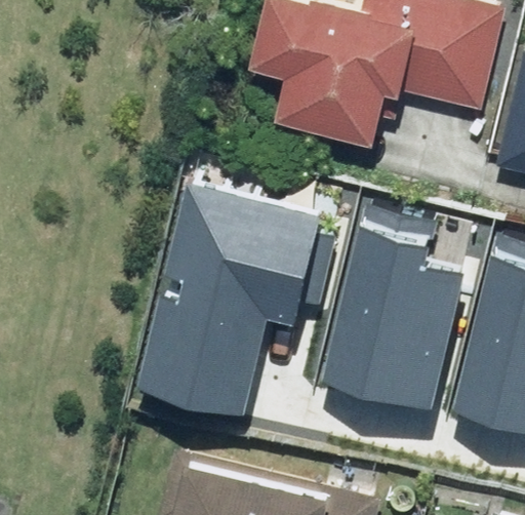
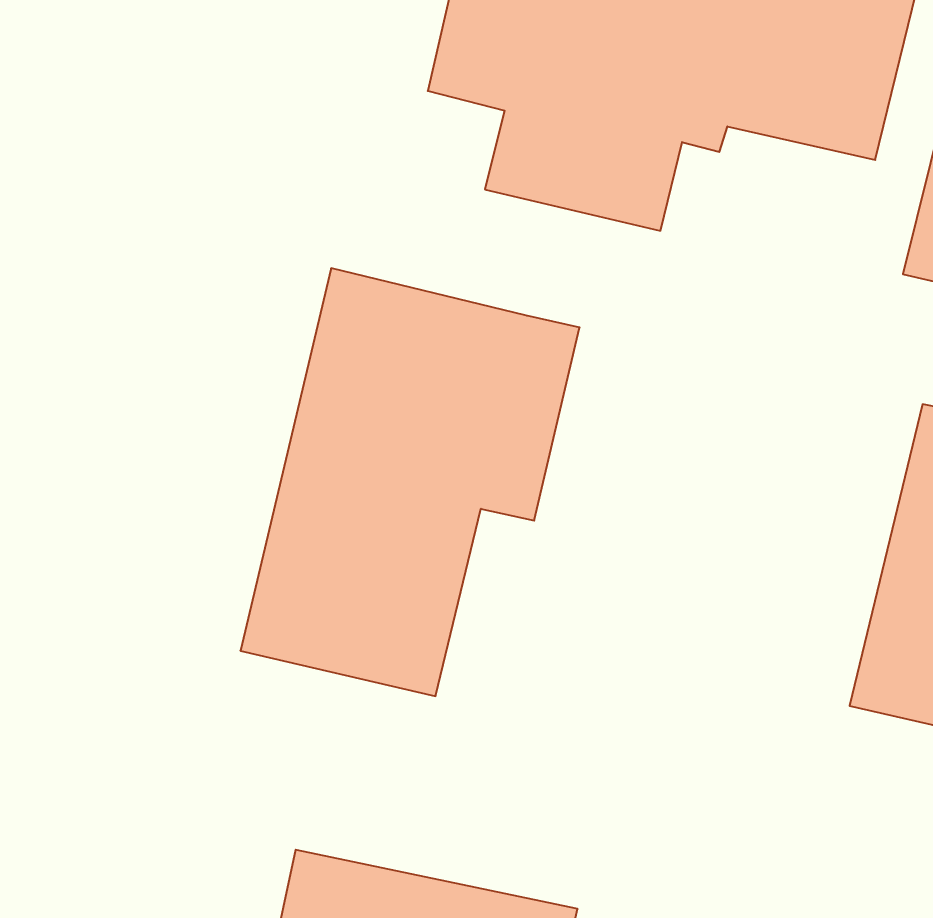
building: [329,213,473,386] -> none

